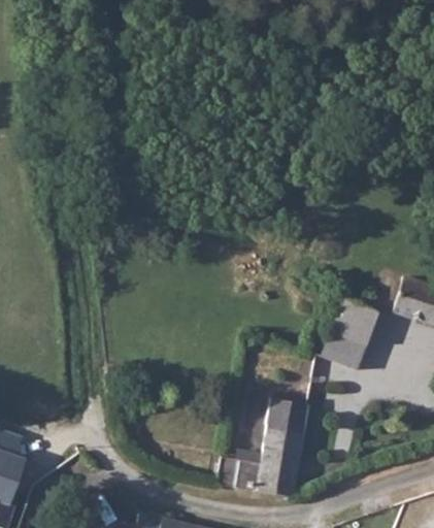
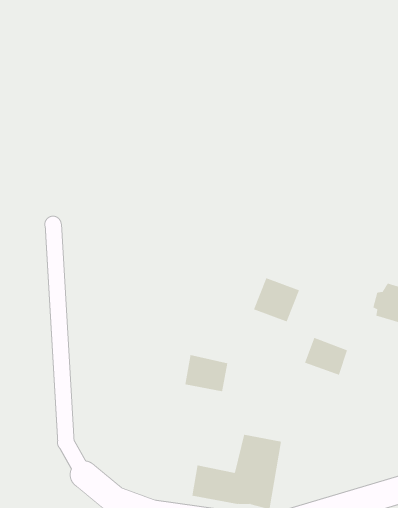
building: [334,300,379,343] -> [253,278,300,322]
building: [266,396,308,432] -> [184,355,228,392]

